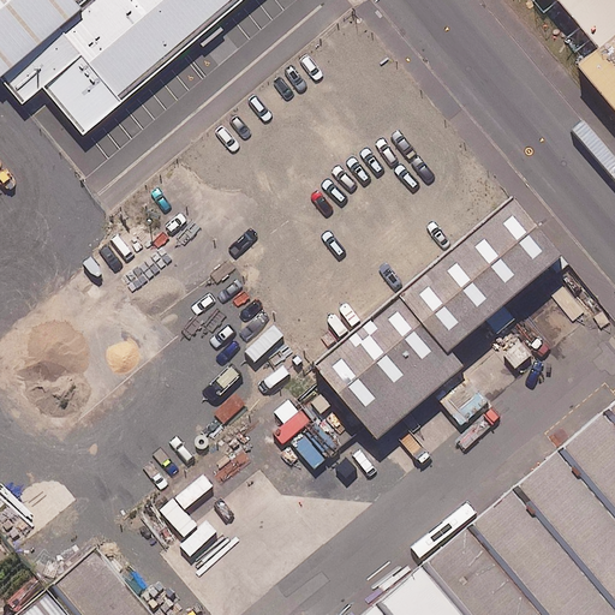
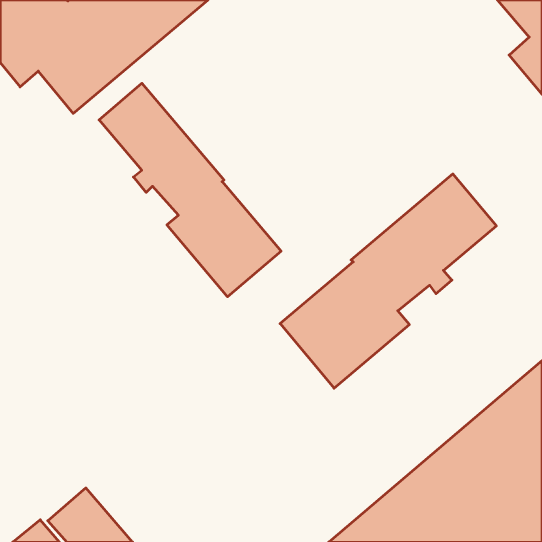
building: none -> [99,83,281,297]

